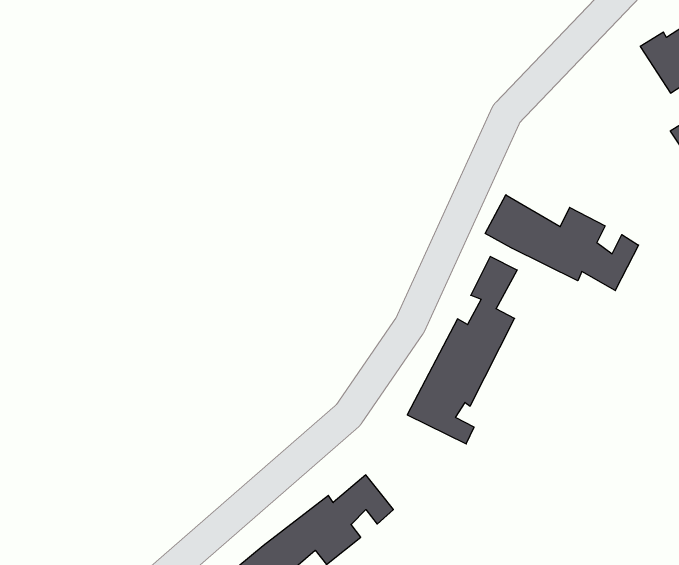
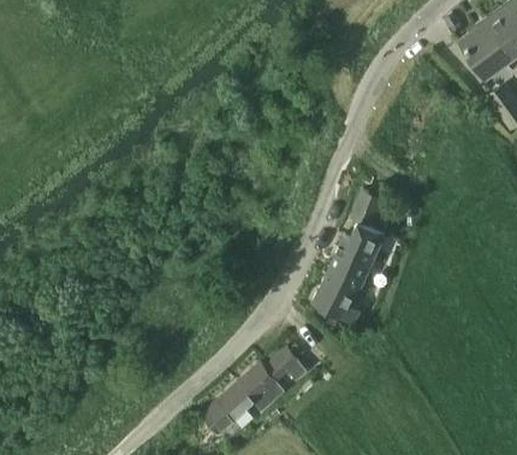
building: [485,195,639,291] -> none

